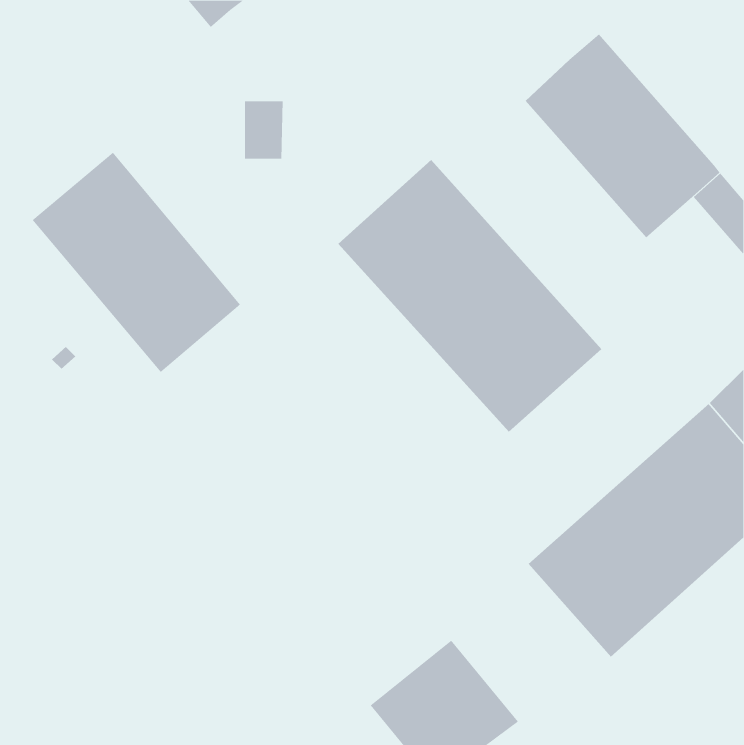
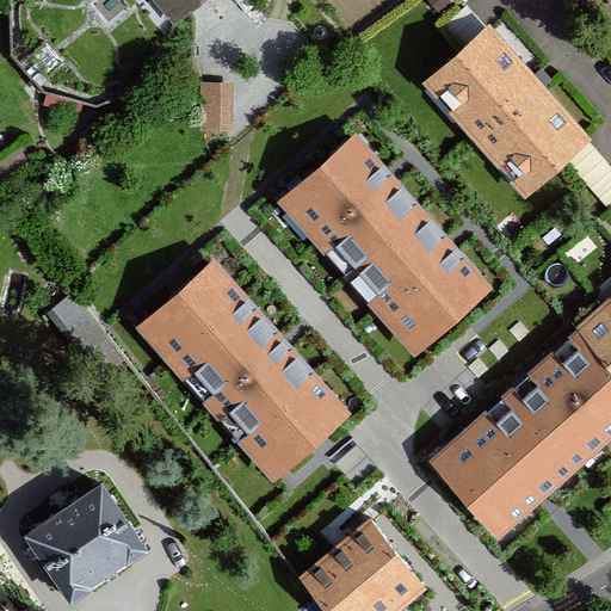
building: [32,152,241,373] -> none
building: none -> [135,257,351,483]
building: none -> [33,487,148,598]

